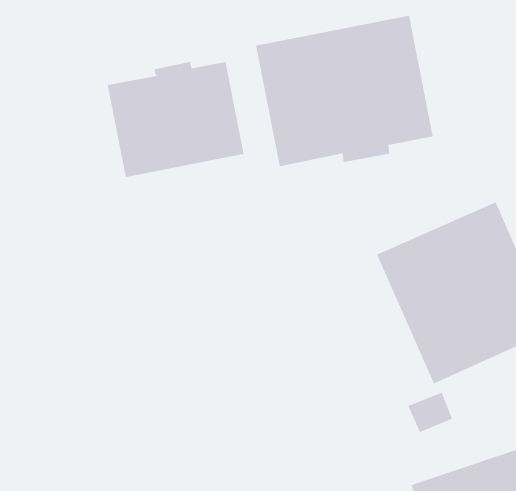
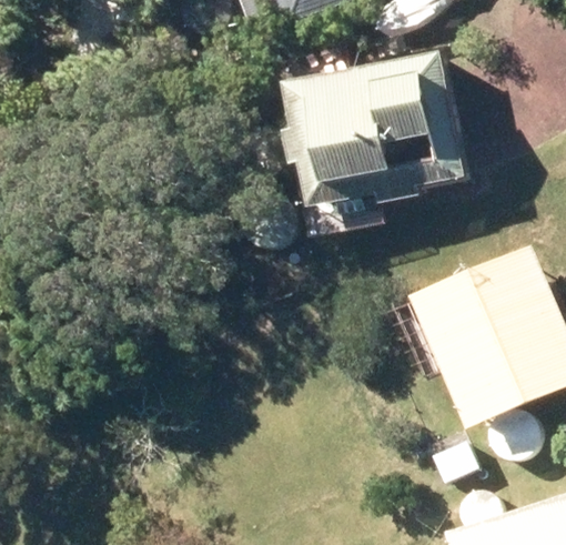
building: [107,61,244,178] -> none

